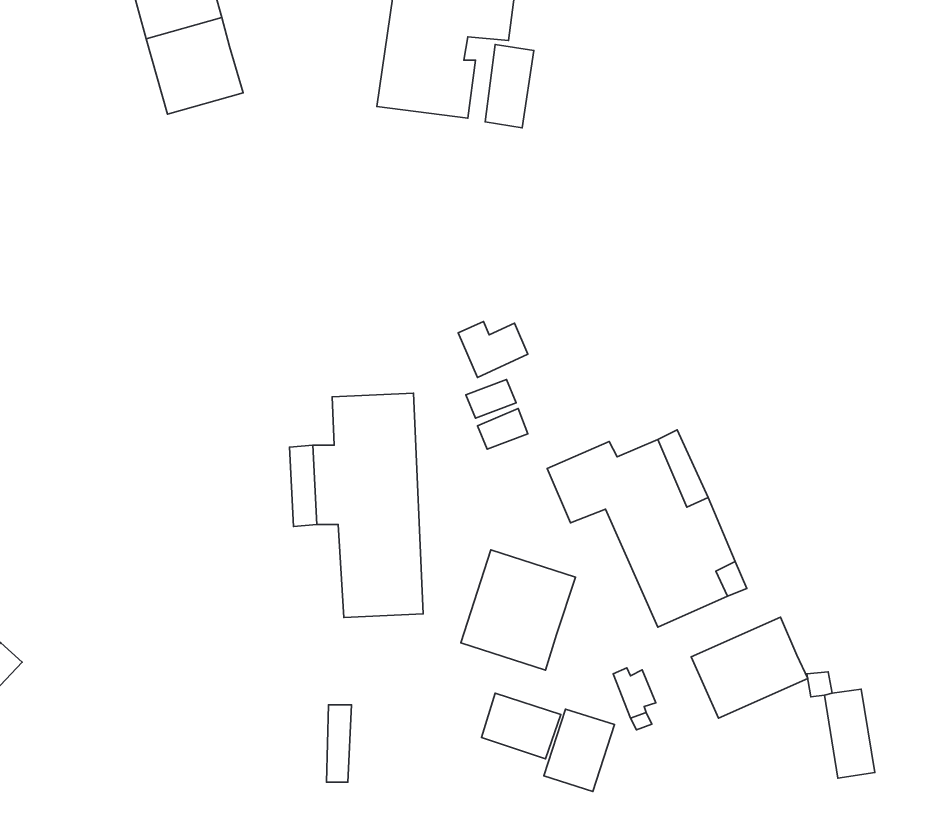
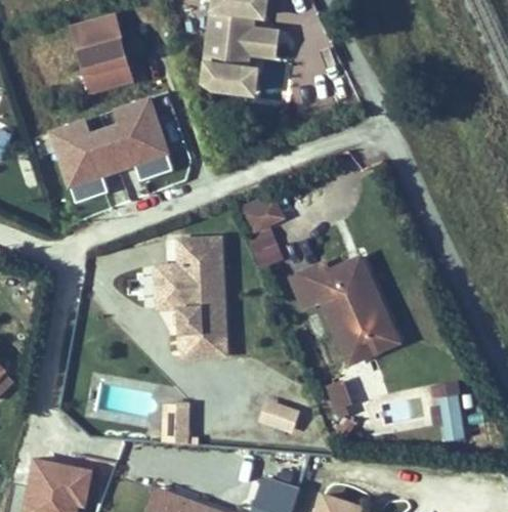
building: none -> [48,91,173,203]
building: [461,550,576,670] -> none
building: [691,617,808,718] -> none
building: [544,709,614,791] -> none

